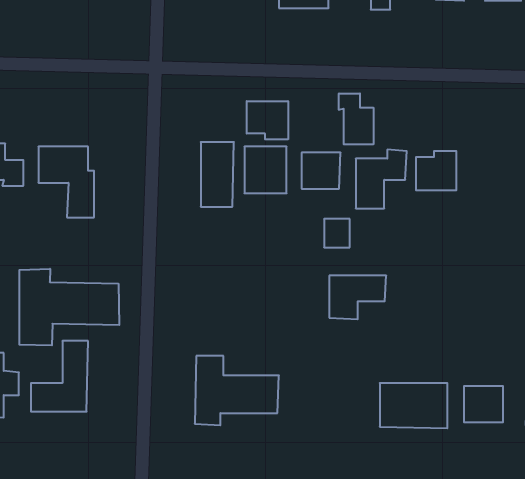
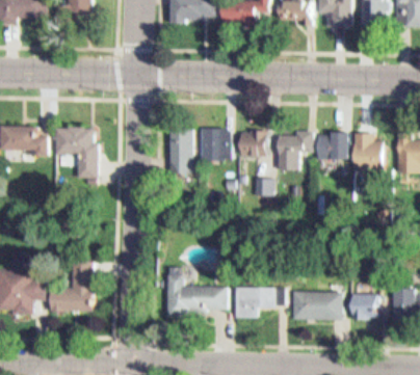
building: [339,93,373,144] -> none
building: [247,101,288,139] -> none
building: none -> [353,133,382,172]
building: [19,269,119,345] -> none
building: [329,276,386,319] -> [235,288,274,318]

